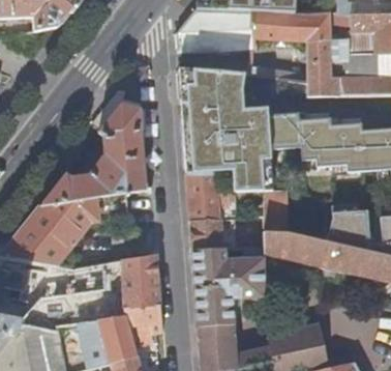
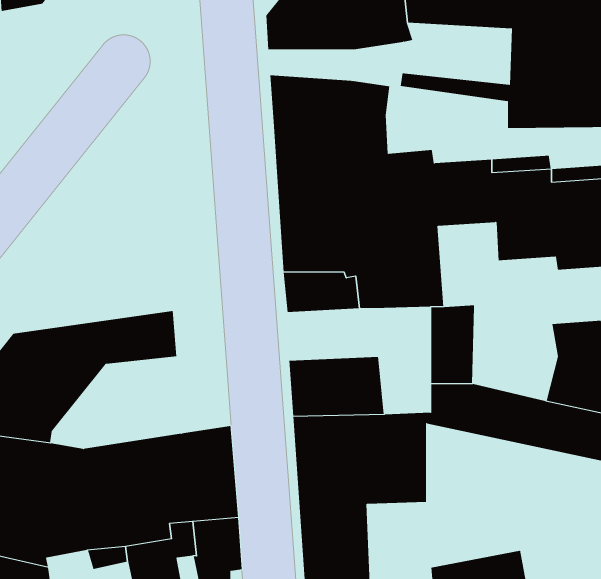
building: [39,105,146,206] -> none
building: [187,193,237,221] -> none

